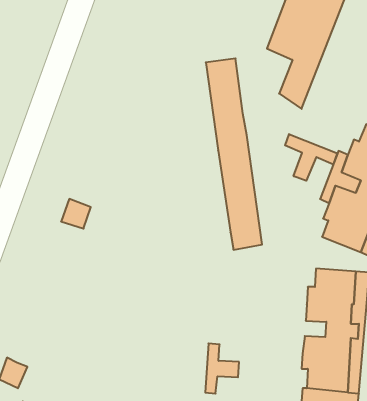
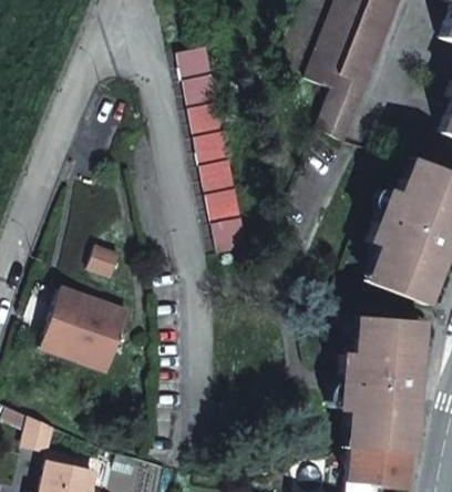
building: [206,58,262,250] -> [188,43,249,250]
building: [285,134,337,181] -> none
building: none -> [39,286,126,368]
building: [205,343,239,394] -> [336,355,372,409]

